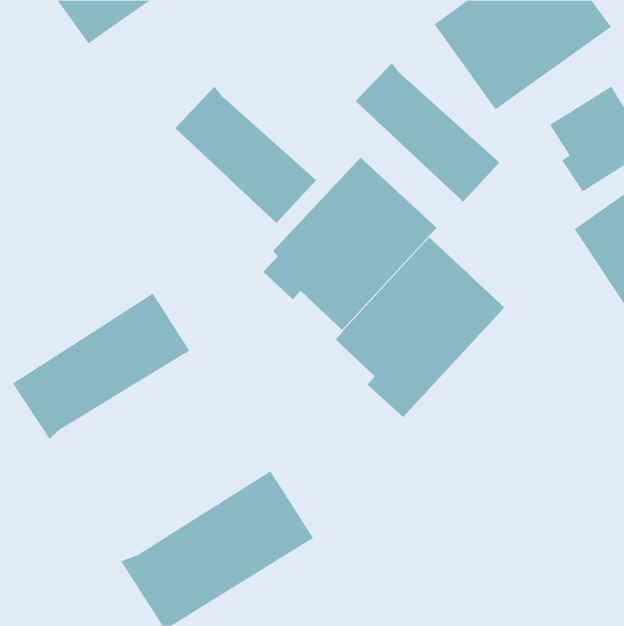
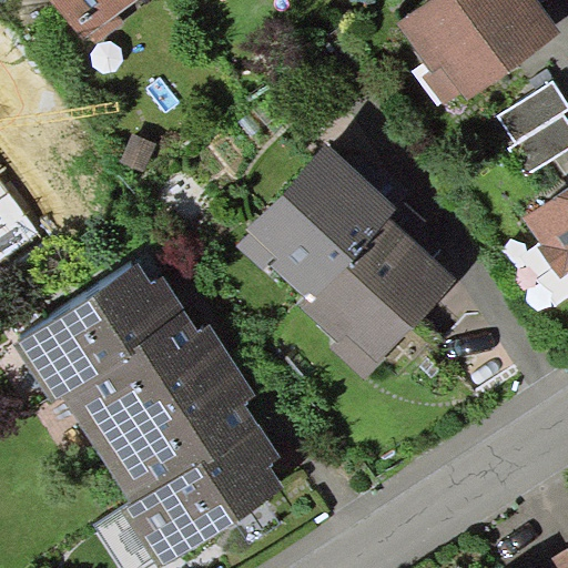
building: [355,62,500,203] -> none
building: [174,86,317,224] -> none
building: none -> [57,308,258,503]

